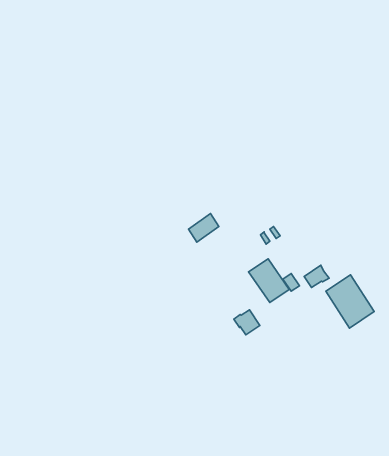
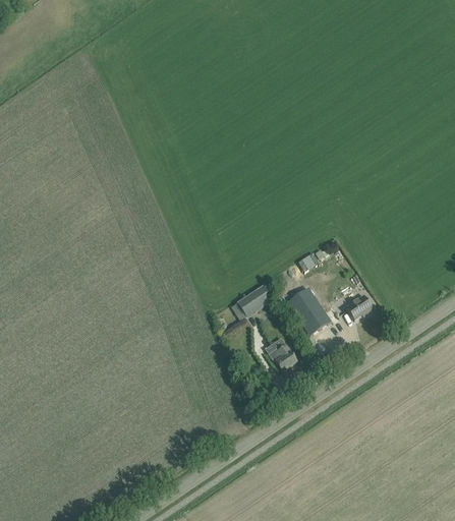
building: [188,214,219,242] -> [238,284,272,315]
building: [326,275,374,328] -> none

